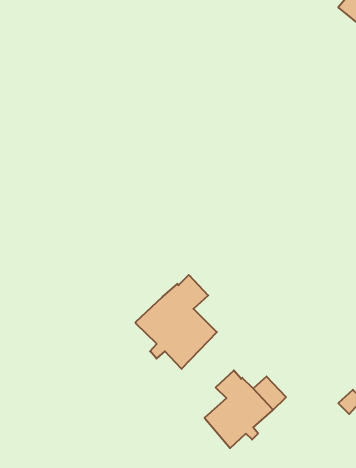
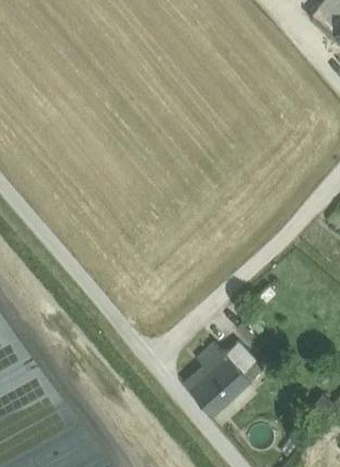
building: [136,275,217,369] -> none

